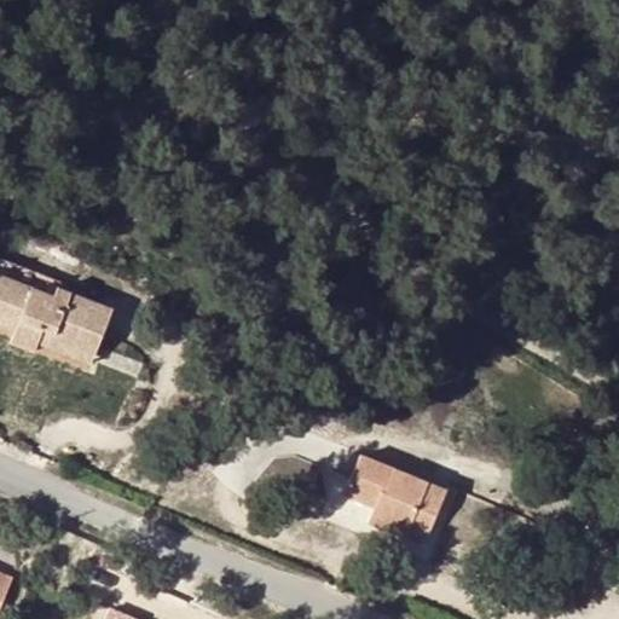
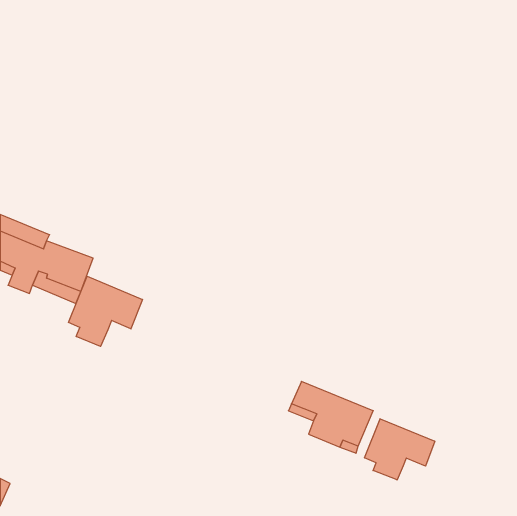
building: none -> [68,276,142,346]
building: none -> [365,419,435,480]

